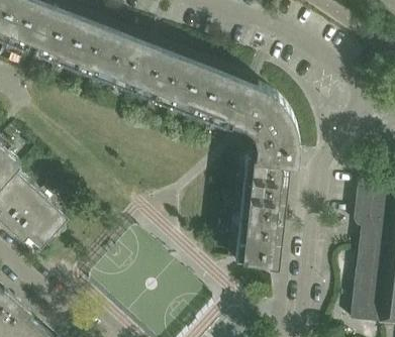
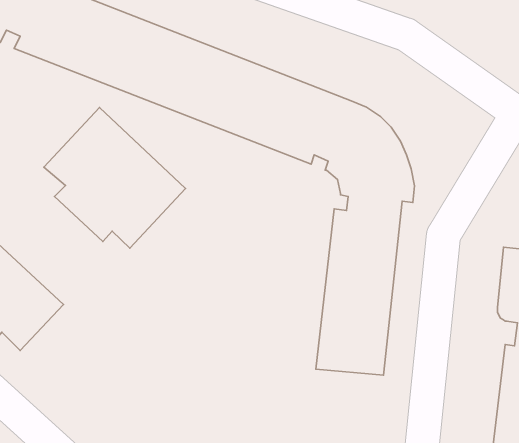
building: none -> [44,108,185,248]

